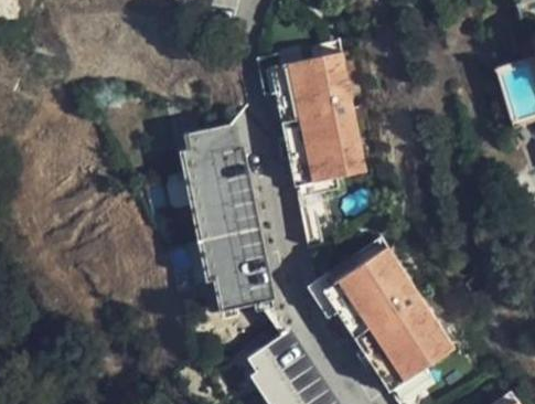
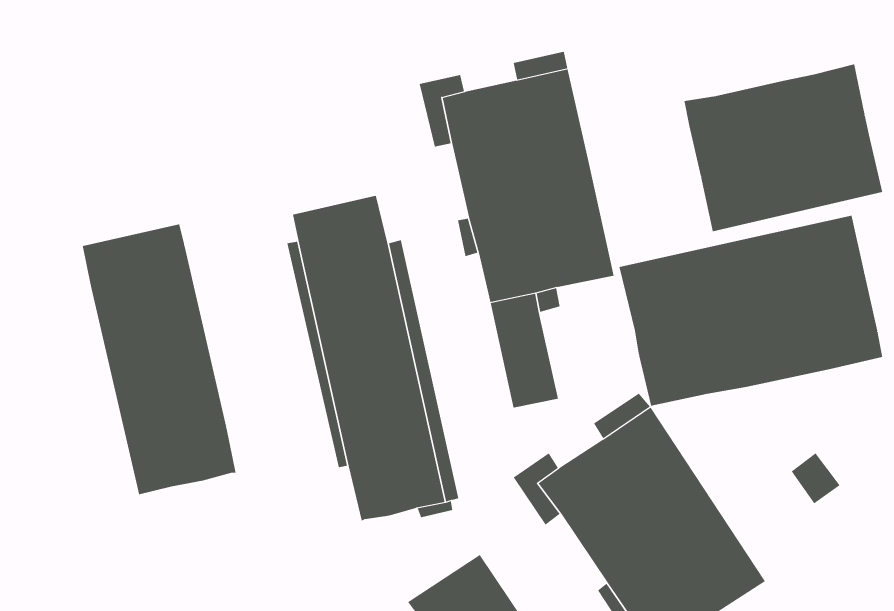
building: none -> [684,63,883,232]
building: none -> [619,215,883,406]
building: none -> [82,223,236,495]

